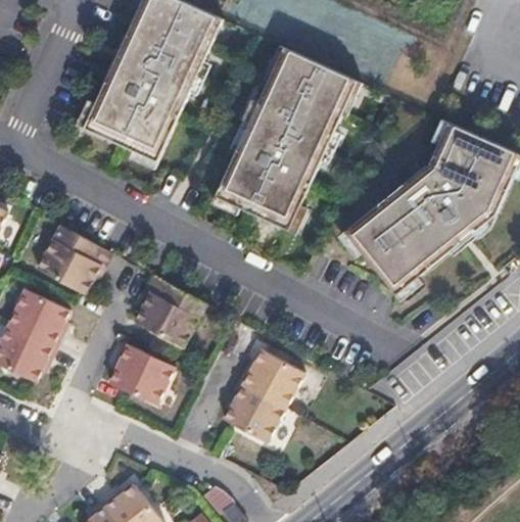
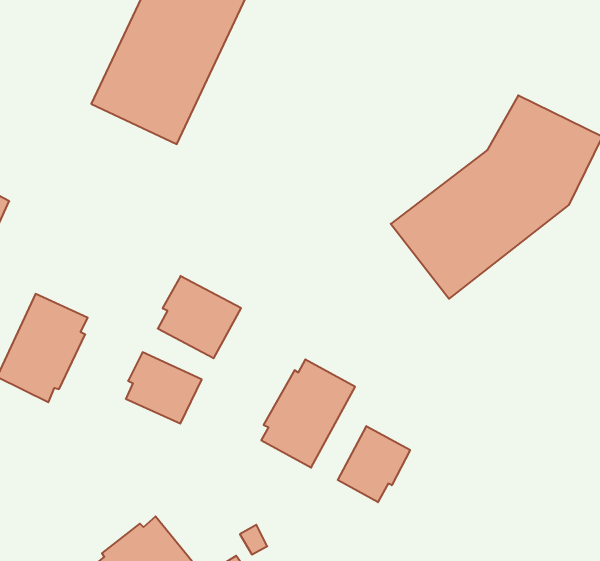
building: [216,48,356,230] -> none
building: [39,226,114,294] -> none
building: none -> [338,426,410,502]

